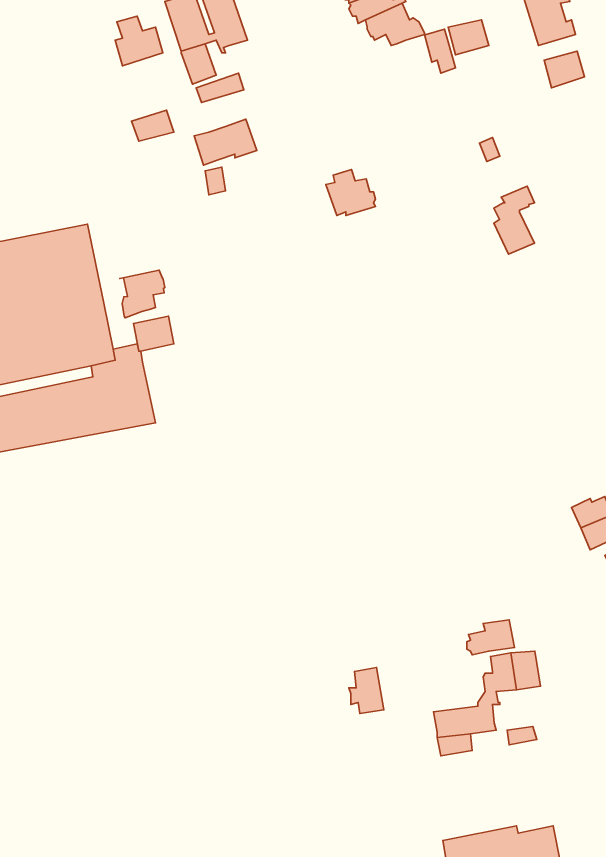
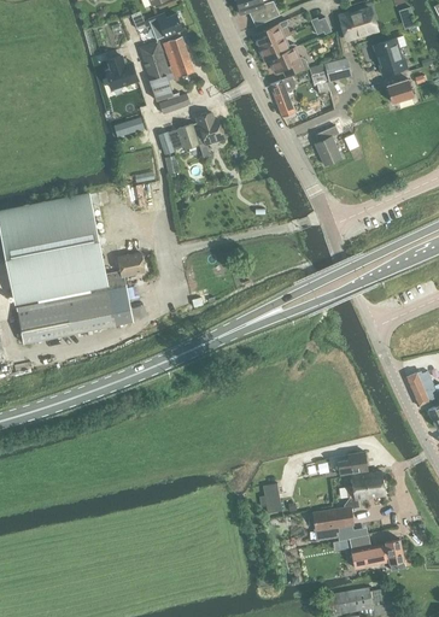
building: none -> [269,76,294,118]
building: [326,170,375,216] -> [191,114,223,145]
building: [494,186,534,254] -> [315,121,341,165]
building: [120,270,165,318] -> none
building: none -> [347,535,404,571]

